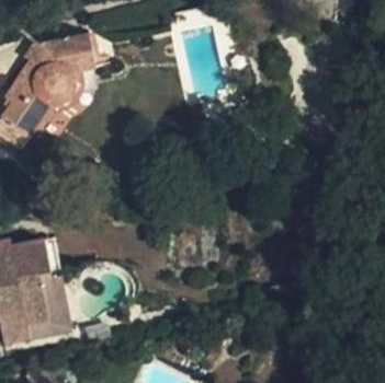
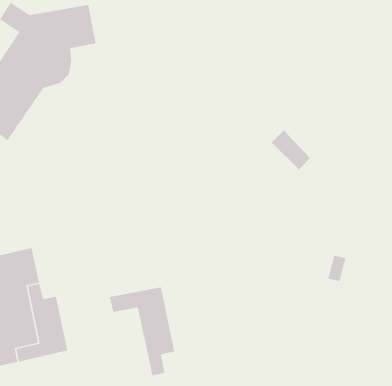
building: none -> [109,287,175,376]

